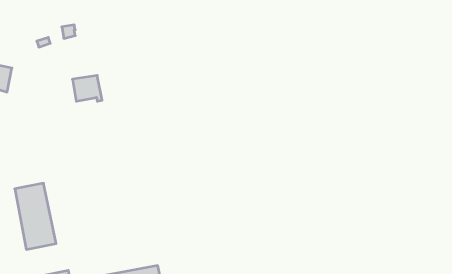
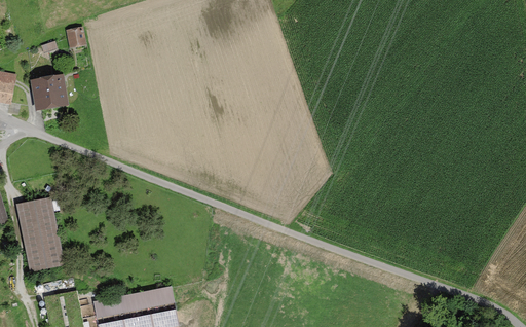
building: [72,75,102,101] -> [36,78,68,106]

